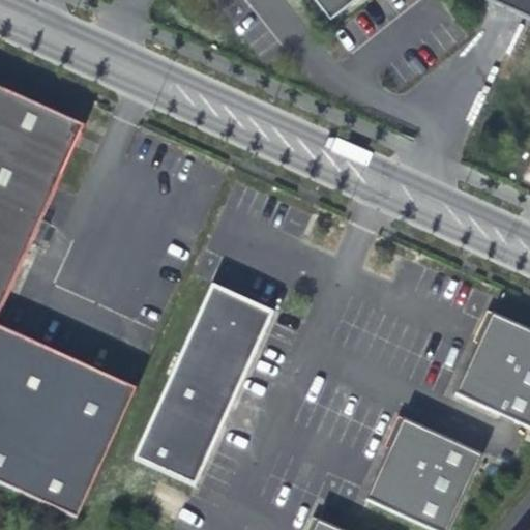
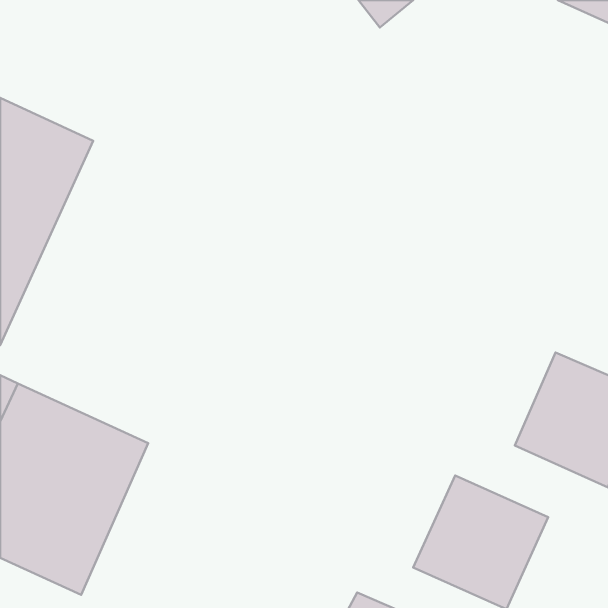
building: [128,281,282,489] -> none

